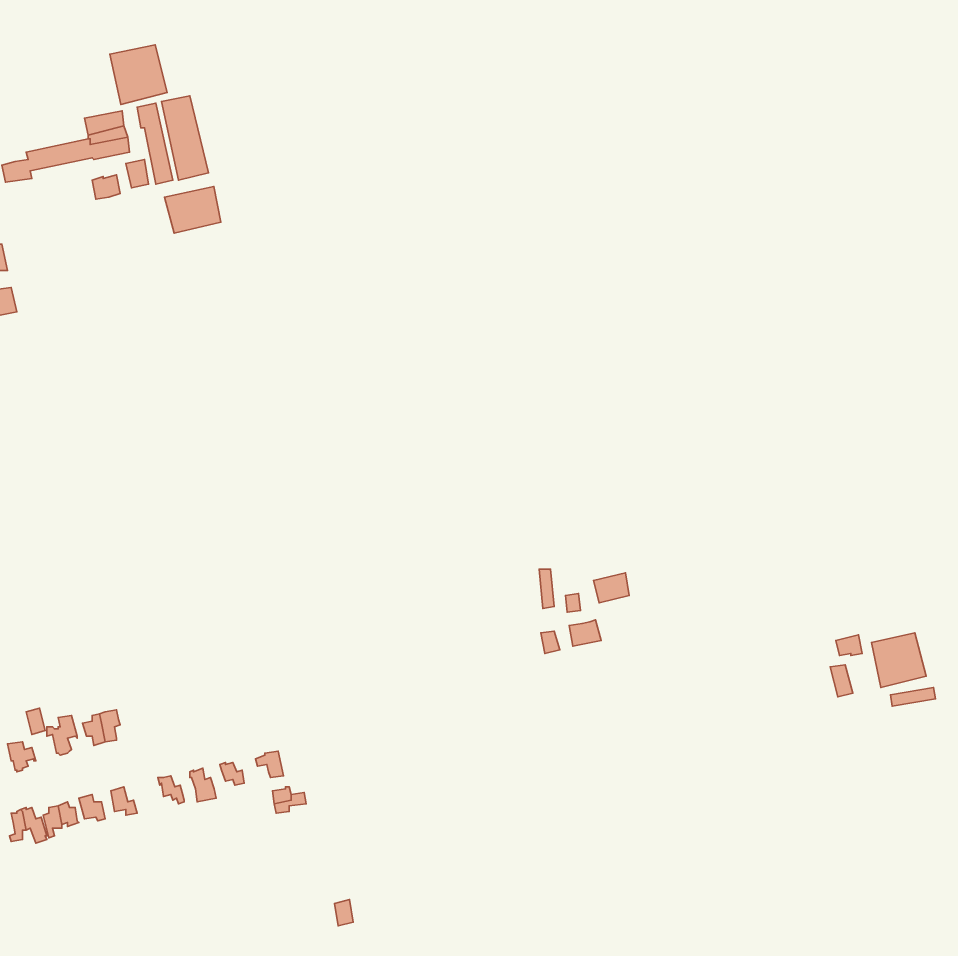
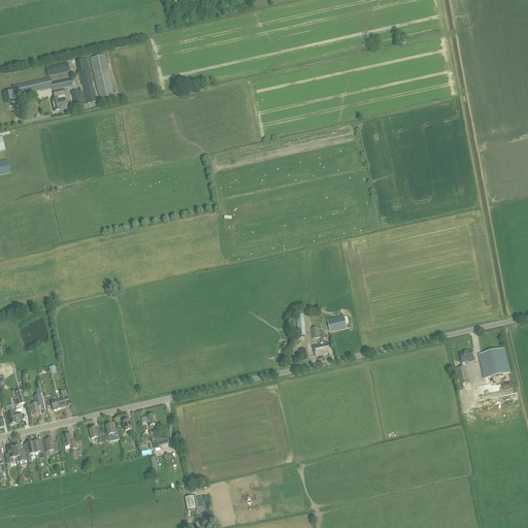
building: [110,45,167,105] -> none
building: [165,187,221,233] -> none

